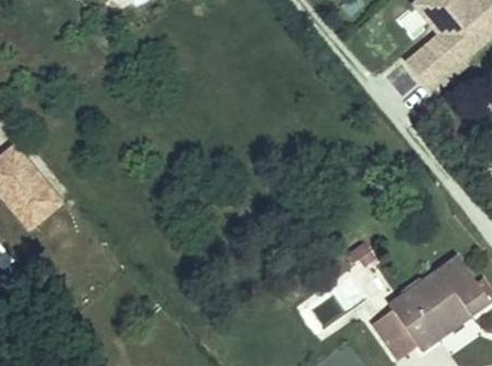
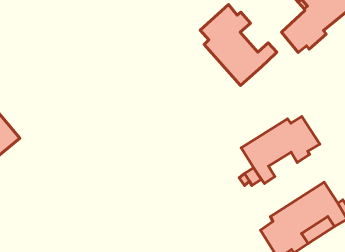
building: none -> [200,4,277,85]
building: none -> [241,117,320,183]

